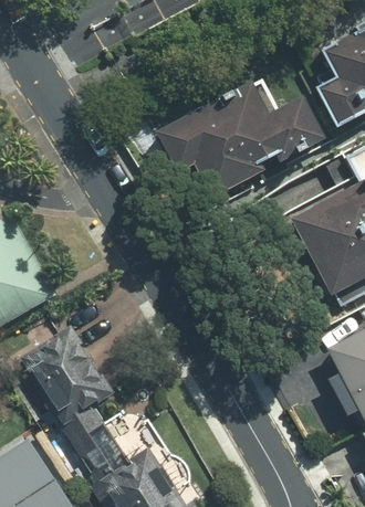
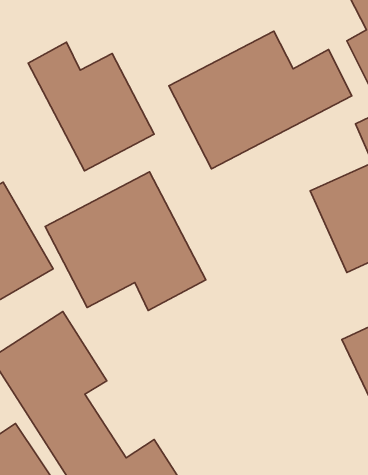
building: none -> [28,42,154,171]
building: none -> [45,172,206,311]

